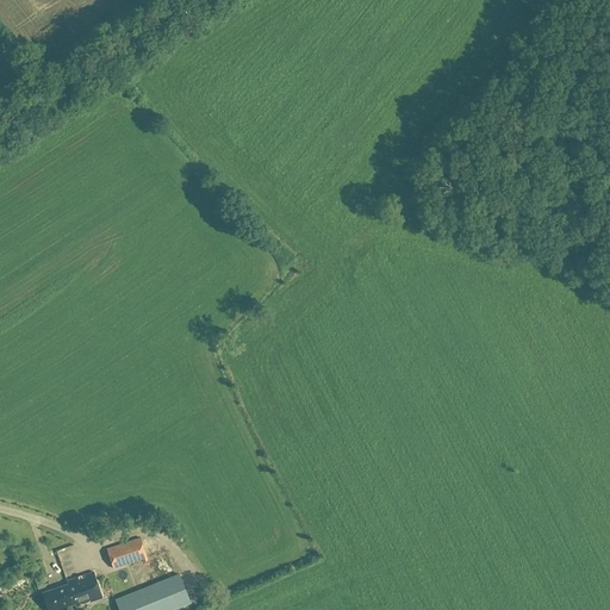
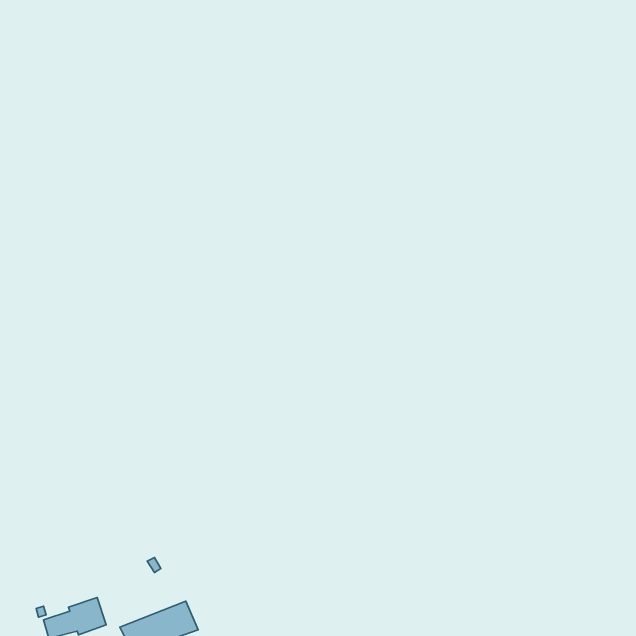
building: [105,539,145,568] -> none

